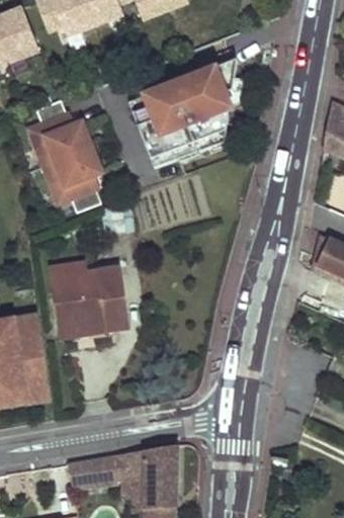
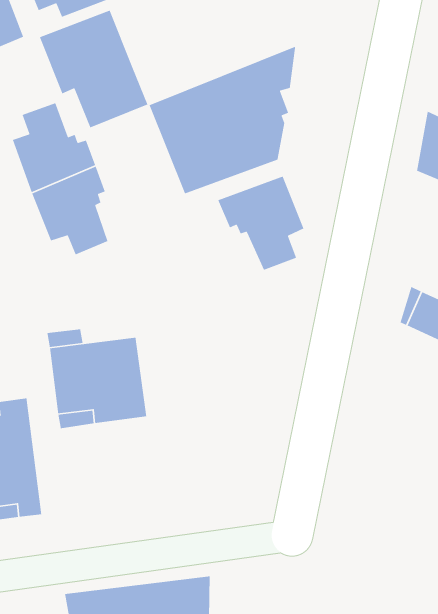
building: none -> [39,9,148,129]
building: none -> [217,175,305,271]

